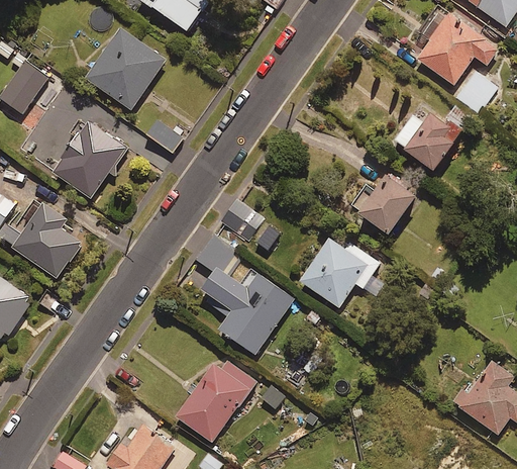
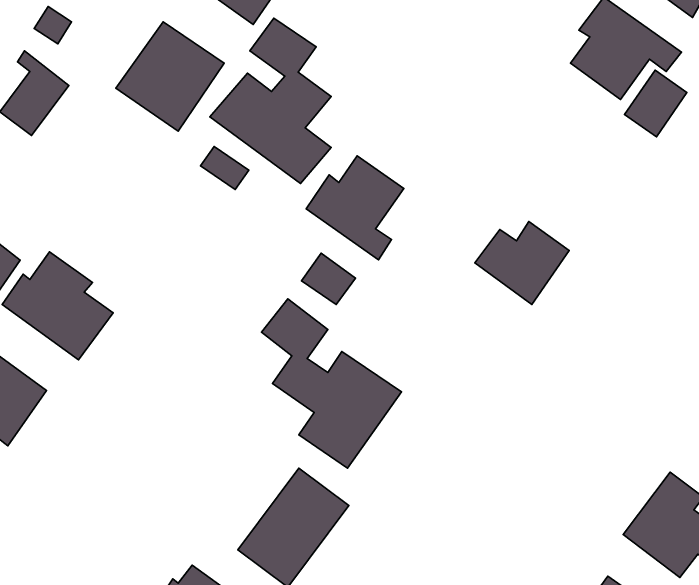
building: none -> [210,18,331,184]
building: [394,114,459,172] -> none
building: [57,120,128,196] -> none
building: none -> [306,156,404,260]
building: [299,237,379,307] -> none

